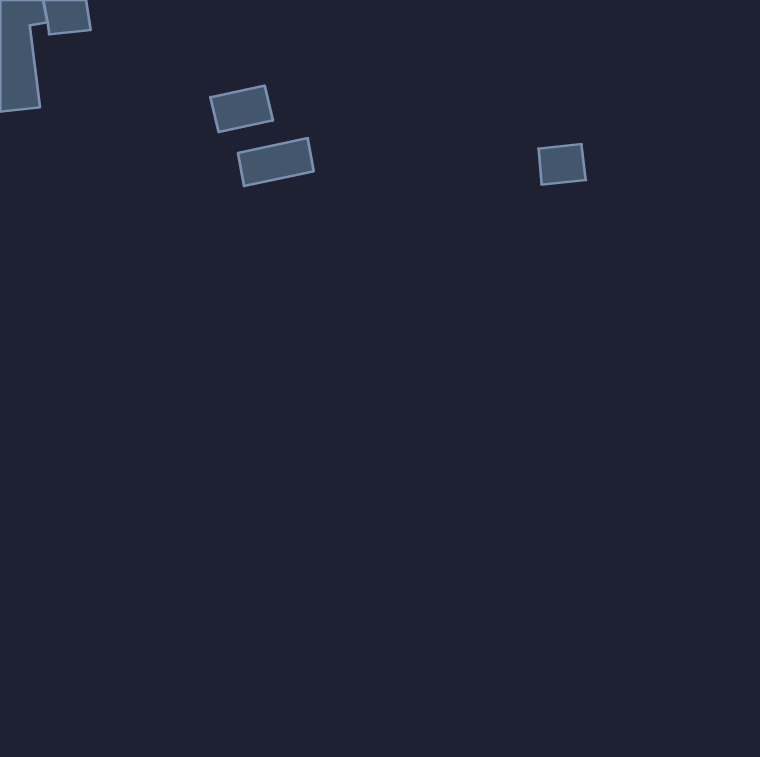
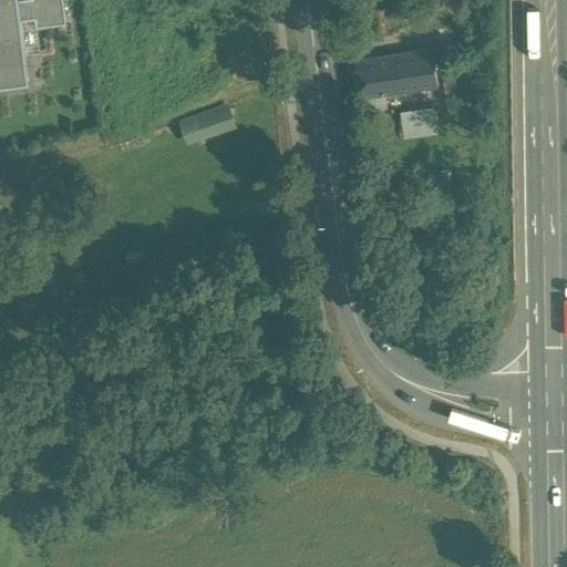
building: none -> [355,51,439,112]
building: [210,86,273,132] -> none

